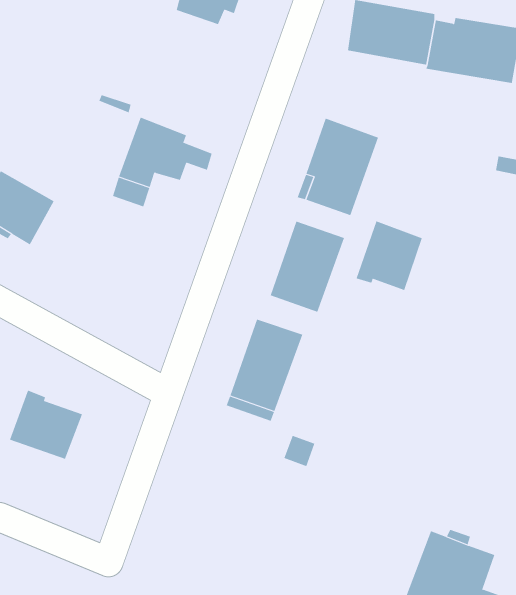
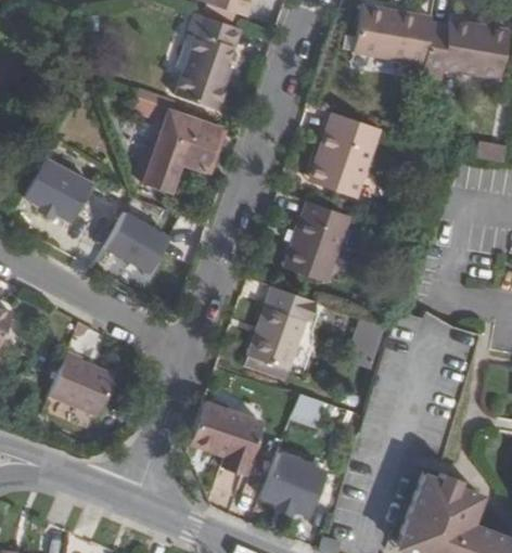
building: none -> [167,15,238,112]
building: [356,221,422,291] -> none
building: none -> [105,213,170,274]
building: none -> [188,400,260,472]
building: none -> [264,454,328,517]

